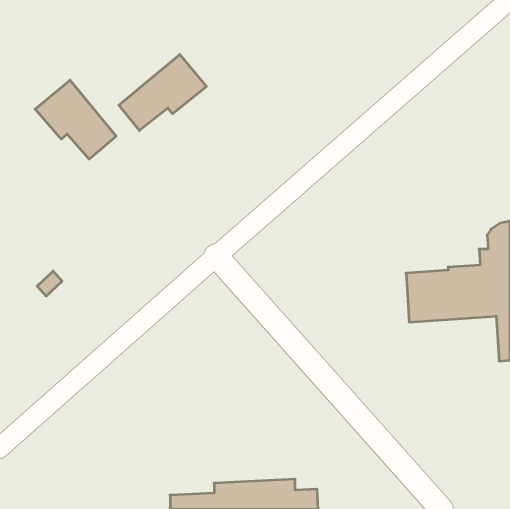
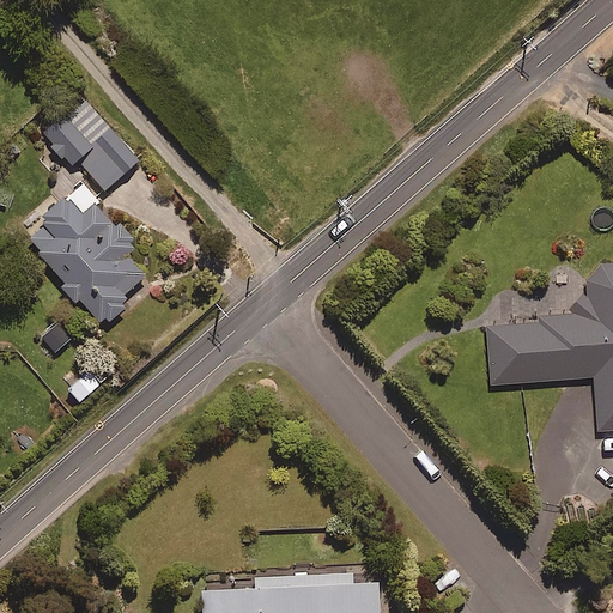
building: [119,54,206,131] -> none
building: none -> [31,196,150,327]

